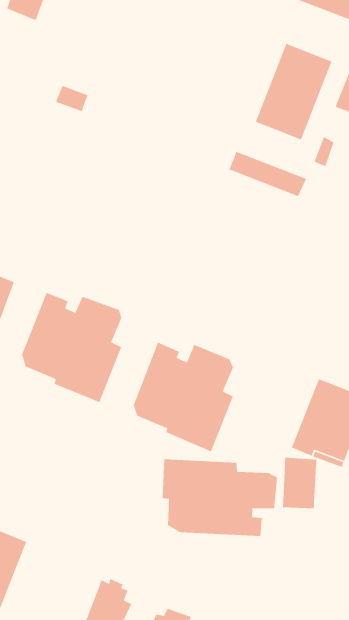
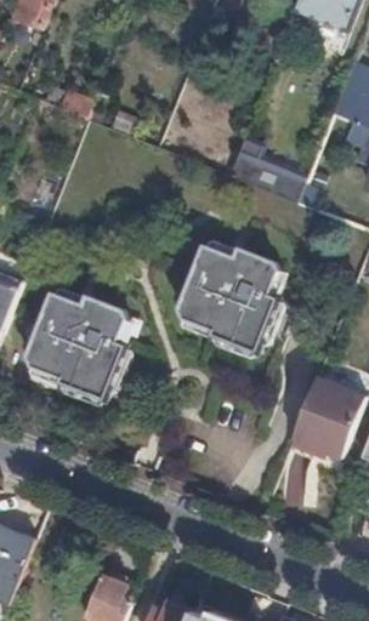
building: [255,43,333,140] -> none
building: [133,341,234,452] -> [180,245,278,353]
building: [162,459,278,537] -> none

